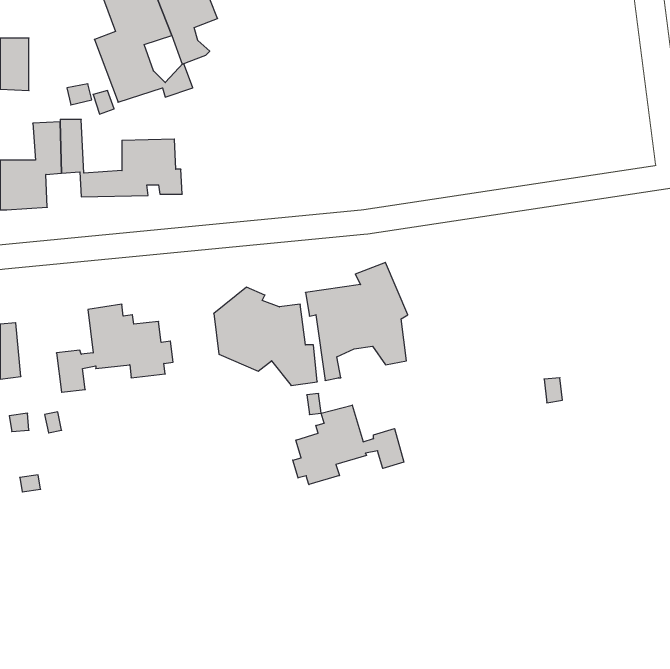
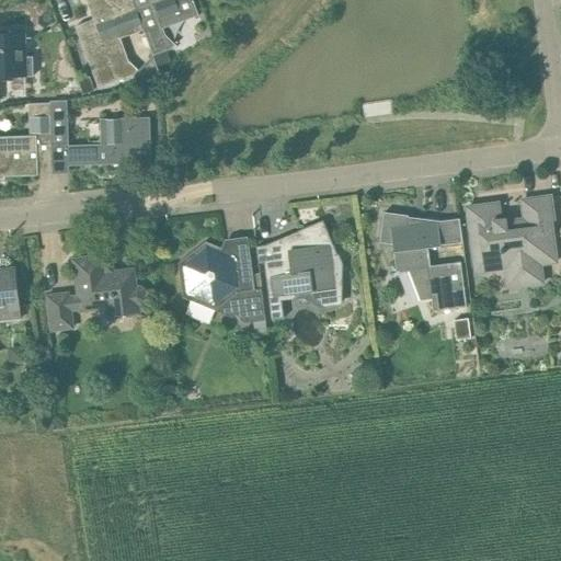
building: none -> [467,195,553,285]
building: none -> [379,210,467,310]
building: [293,405,404,485] -> none

